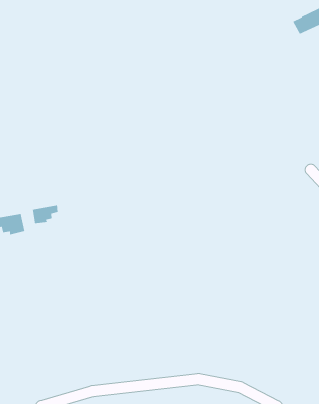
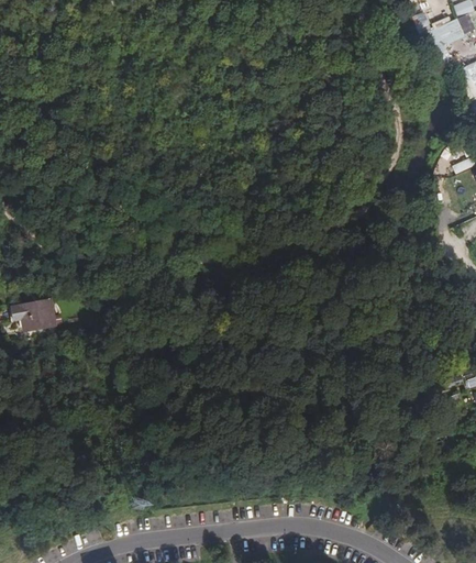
building: [32,205,59,224] -> none

